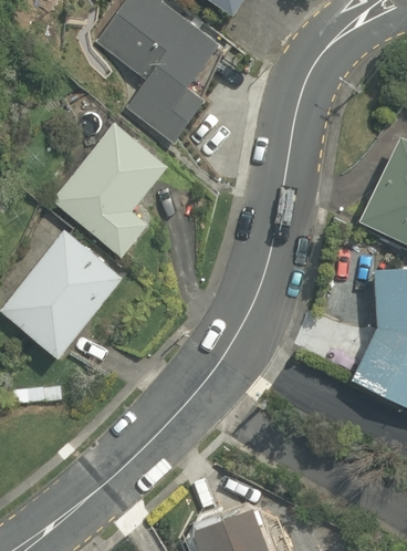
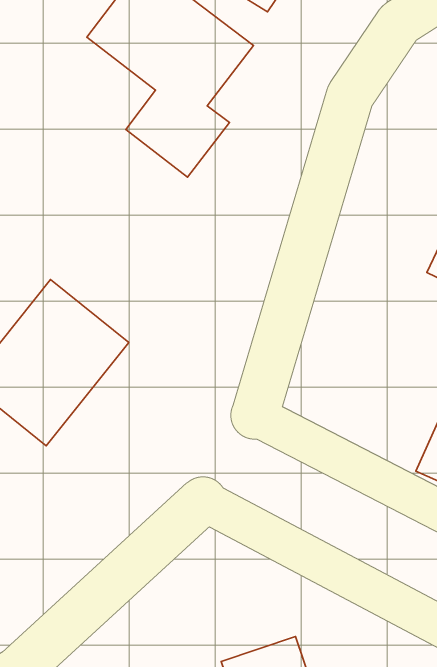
building: [46,117,169,258] -> none

